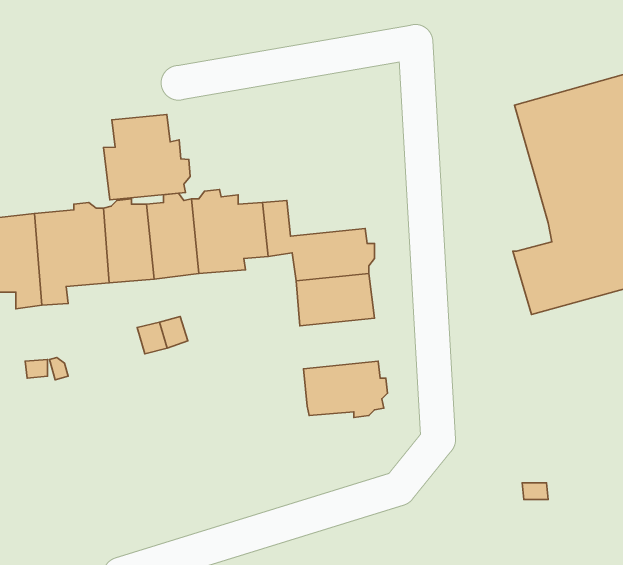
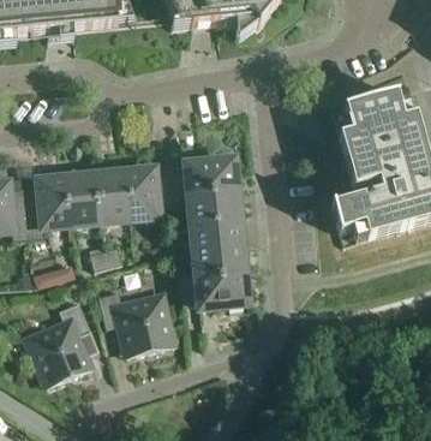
building: [104,115,190,200] -> none
building: none -> [186,154,240,191]
building: none -> [180,244,249,302]
building: none -> [98,287,174,353]
building: none -> [28,298,92,383]

